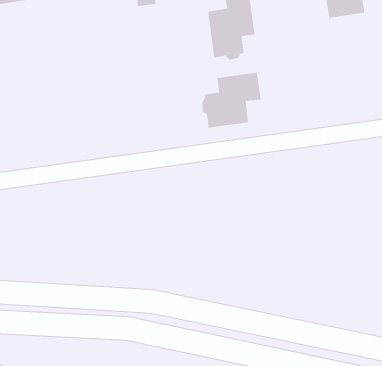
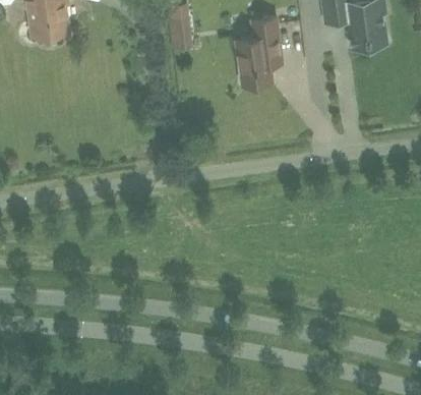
building: [201,72,262,129] -> none

